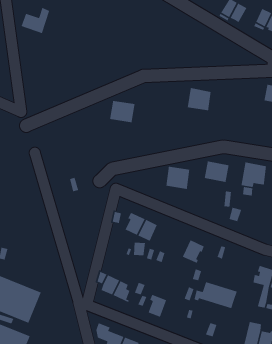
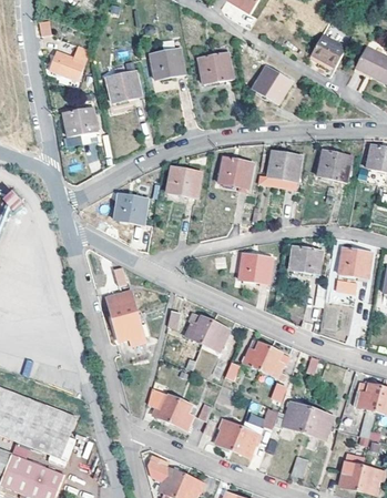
building: none -> [150,48,184,80]
building: none -> [196,52,232,84]
building: none -> [252,65,291,104]
building: none -> [105,71,140,102]
building: none -> [62,108,96,136]
building: none -> [317,150,352,182]
building: none -> [218,156,253,186]
building: none -> [113,193,147,224]
building: none -> [106,291,146,349]
building: none -> [243,339,271,370]
building: none -> [232,420,263,457]

